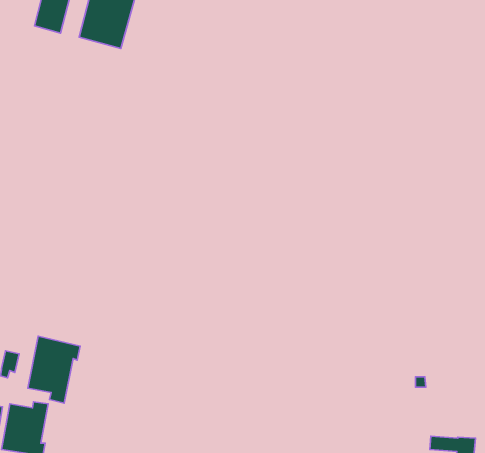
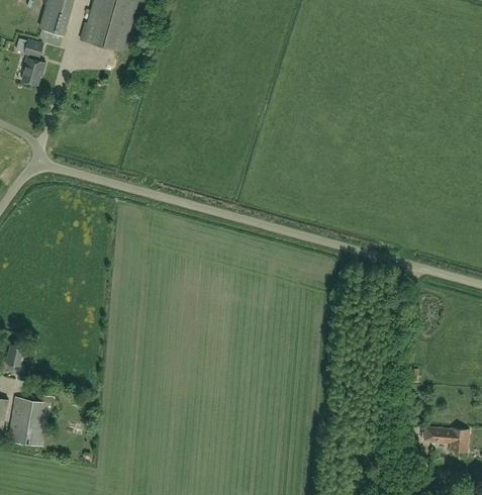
building: none -> [21,39,44,84]
building: [28,336,80,403] -> none

